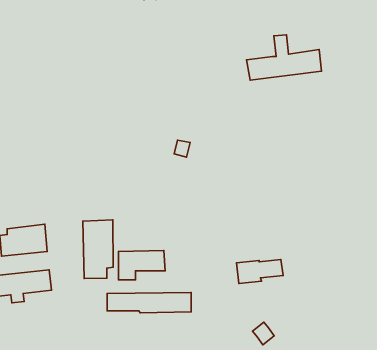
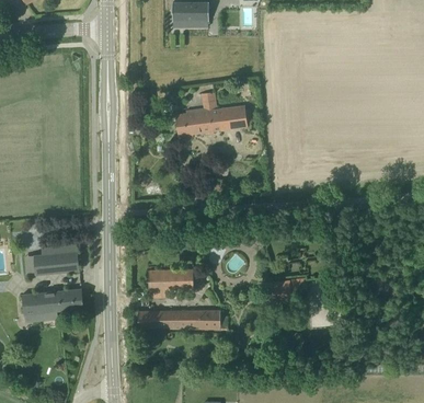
building: [247,35,322,80] -> [174,91,247,135]
building: [83,220,113,278] -> none

